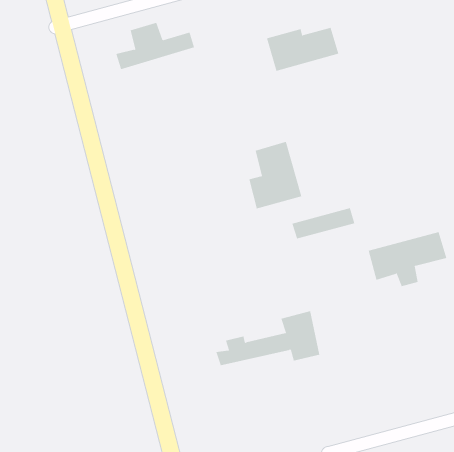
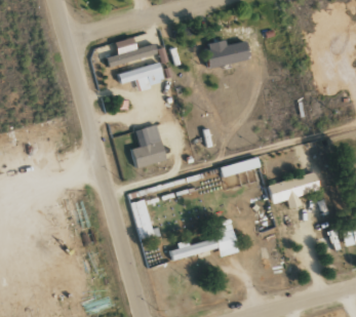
building: none -> [118,63,165,89]
building: [248,141,302,209] -> [131,124,166,168]
building: none -> [131,199,161,240]

